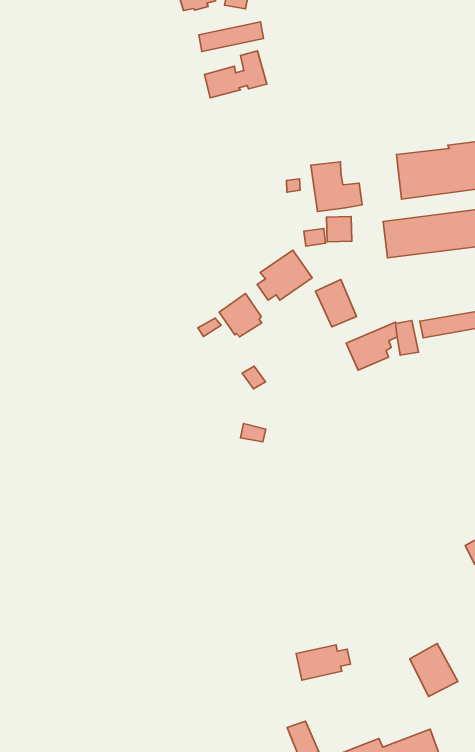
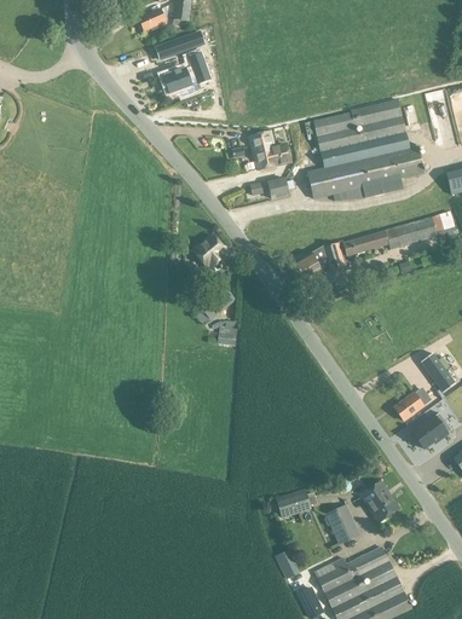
building: [257,250,312,300] -> none
building: [315,280,357,327] -> none
building: none -> [325,504,358,543]

